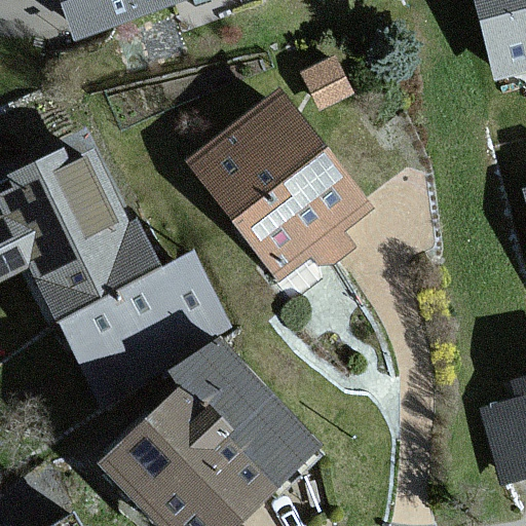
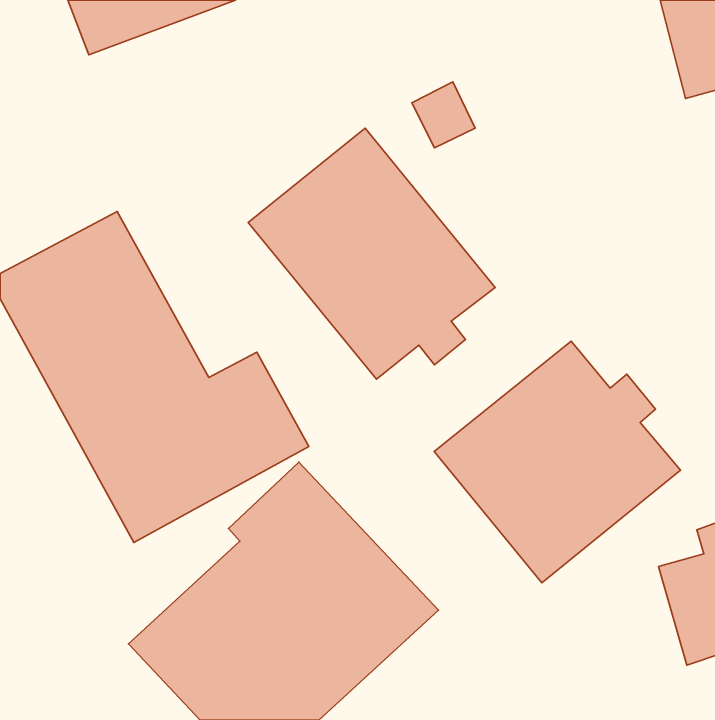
building: none -> [434,341,681,583]

